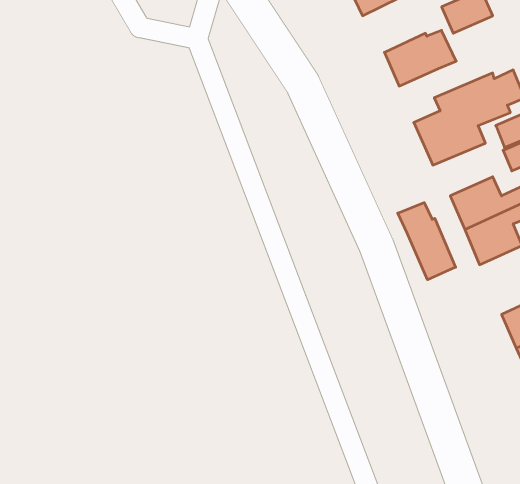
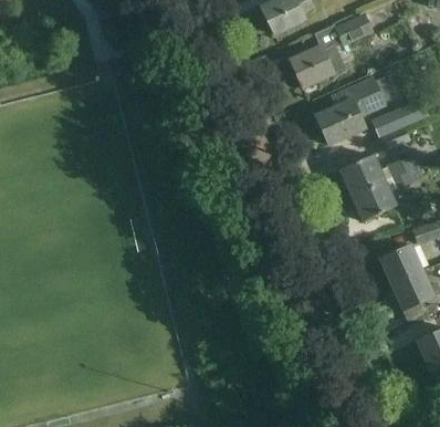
building: [398,203,456,280] -> none

